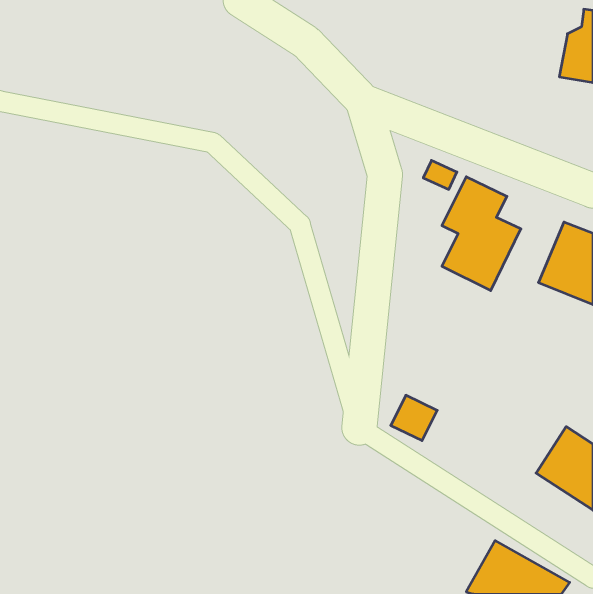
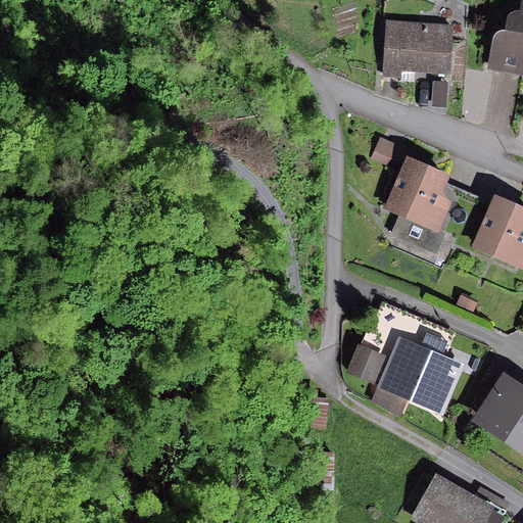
building: none -> [383,21,455,80]
building: none -> [380,335,466,414]

